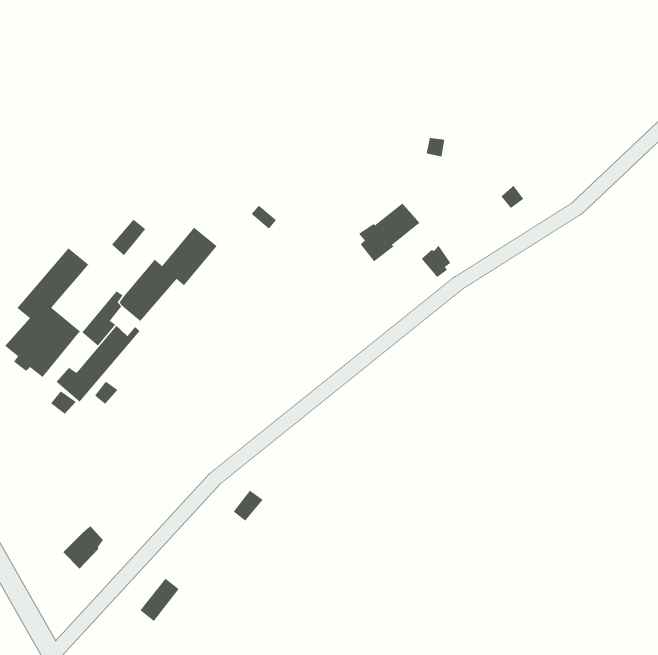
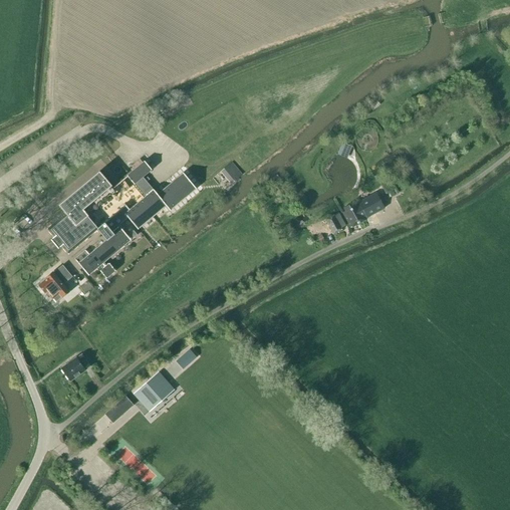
building: [358,203,420,262] -> [343,192,385,227]
building: none -> [39,265,74,301]
building: none -> [134,371,174,411]

